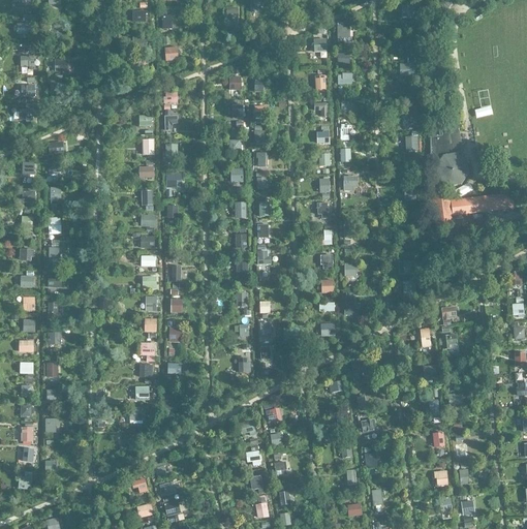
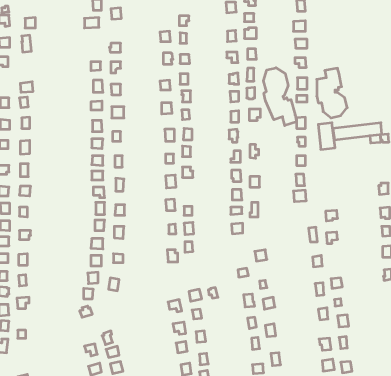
building: none -> [263,68,297,126]

